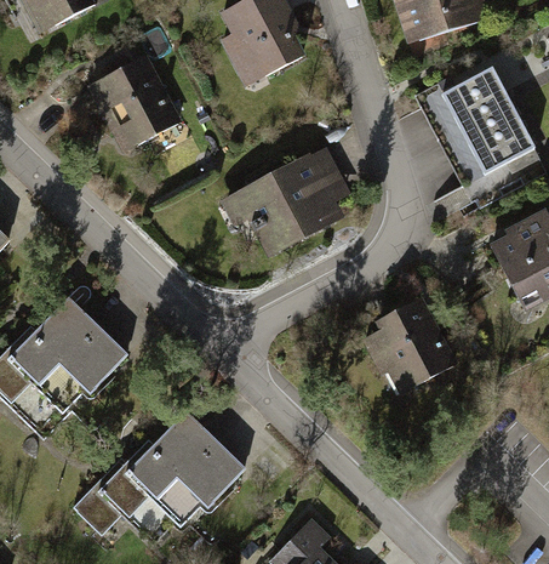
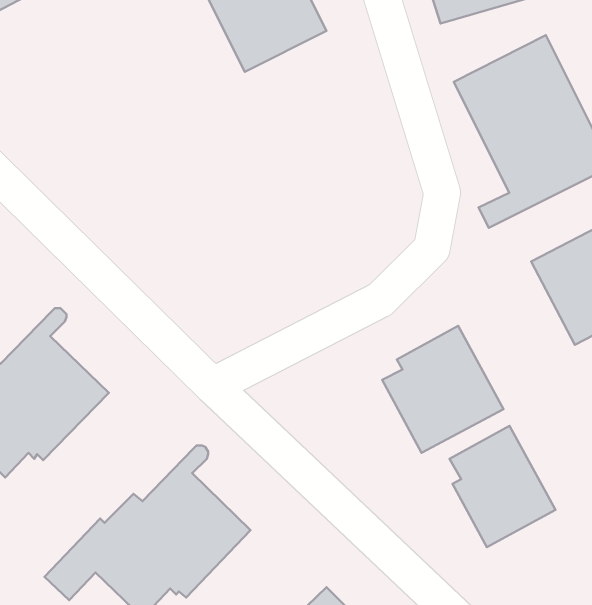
building: [85,56,182,153] -> none
building: [216,143,362,260] -> none
building: none -> [449,426,556,547]

